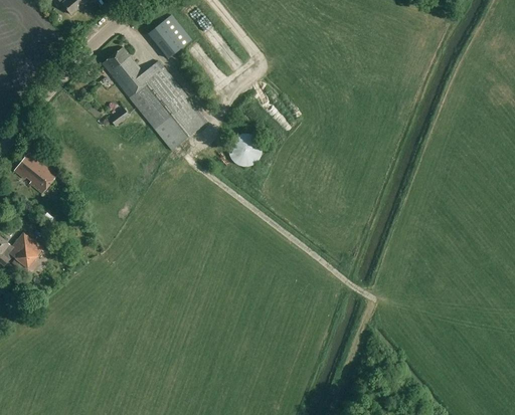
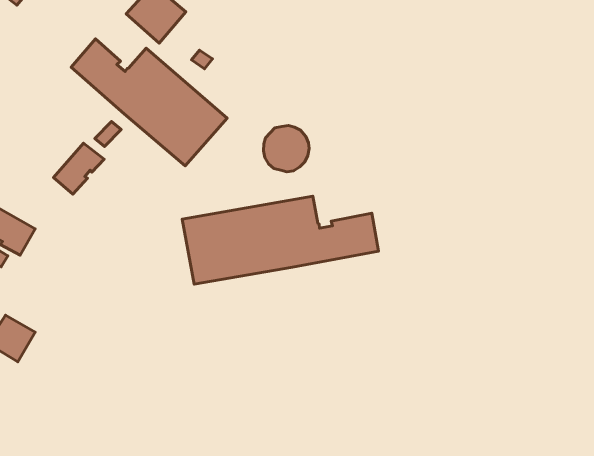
building: none -> [53,143,104,194]
building: none -> [182,196,379,284]

